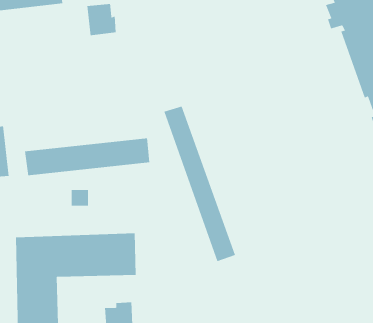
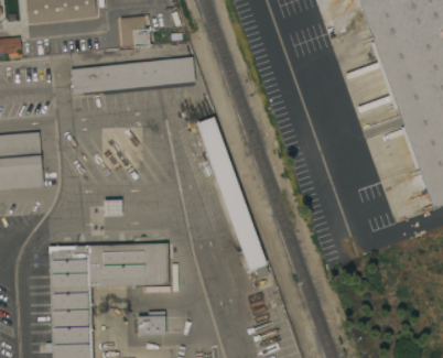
building: [24,138,150,176] -> [71,56,195,94]

